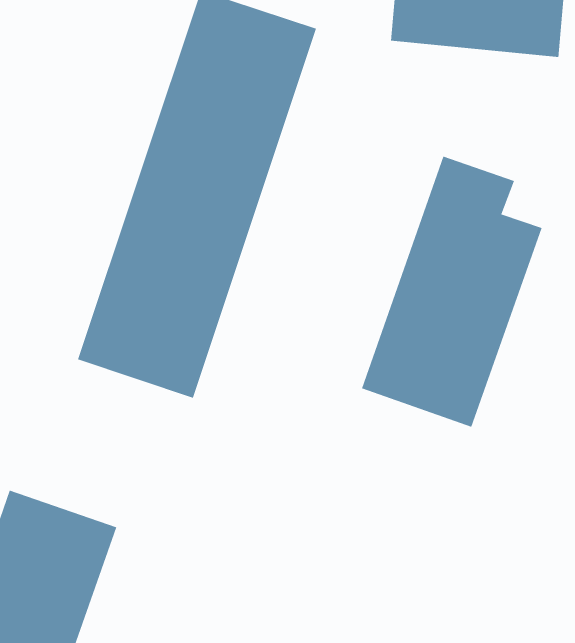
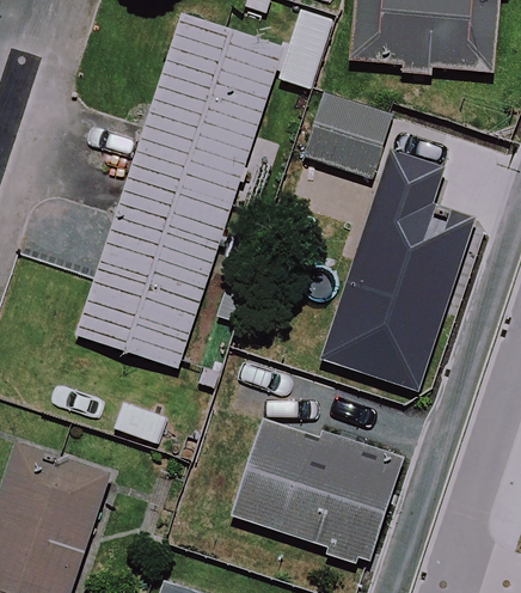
building: none -> [301,91,393,179]
building: none -> [234,421,398,562]

